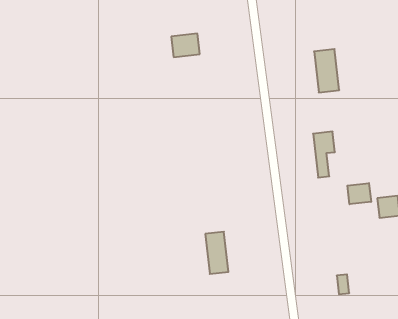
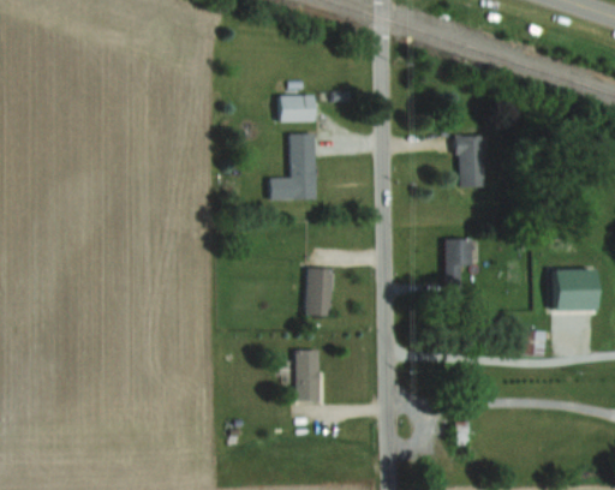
building: none -> [270,133,316,199]
building: none -> [306,269,330,317]
building: [347,183,371,204] -> none

